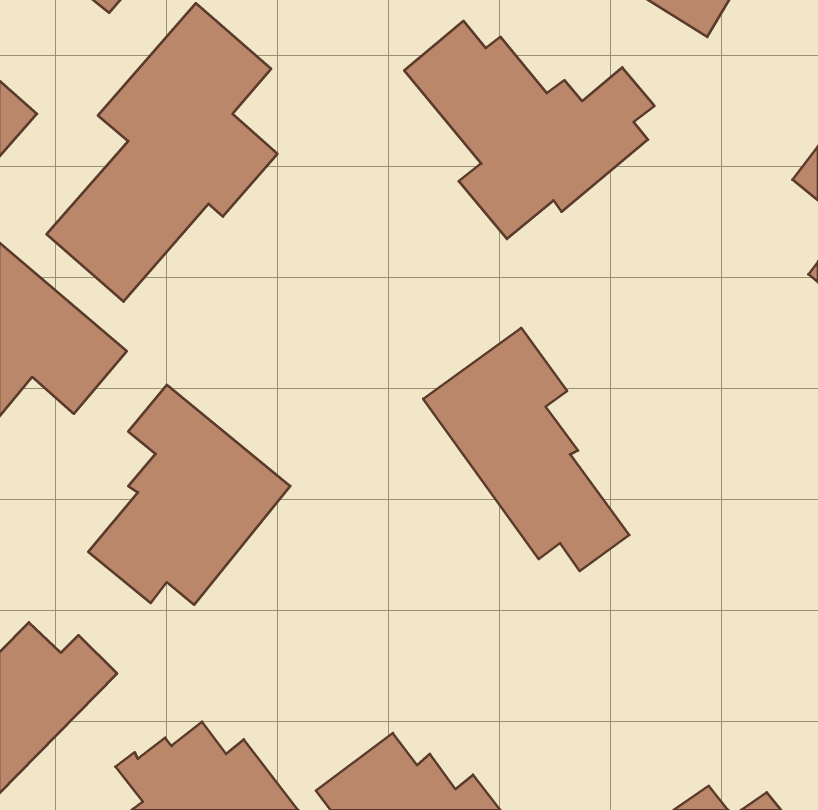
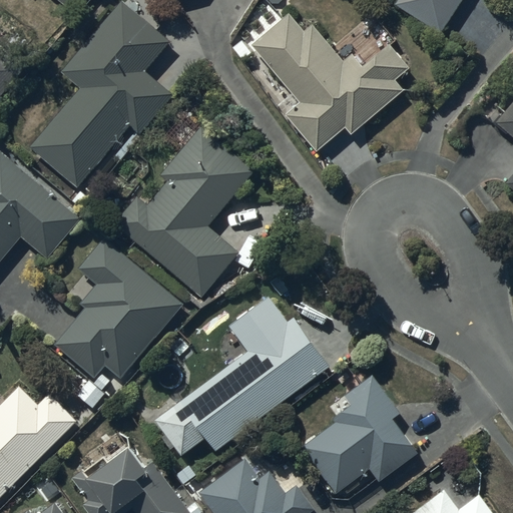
building: none -> [113,126,255,299]
building: [423,328,629,571] -> none
building: none -> [154,298,332,457]
building: none -> [301,371,416,495]

